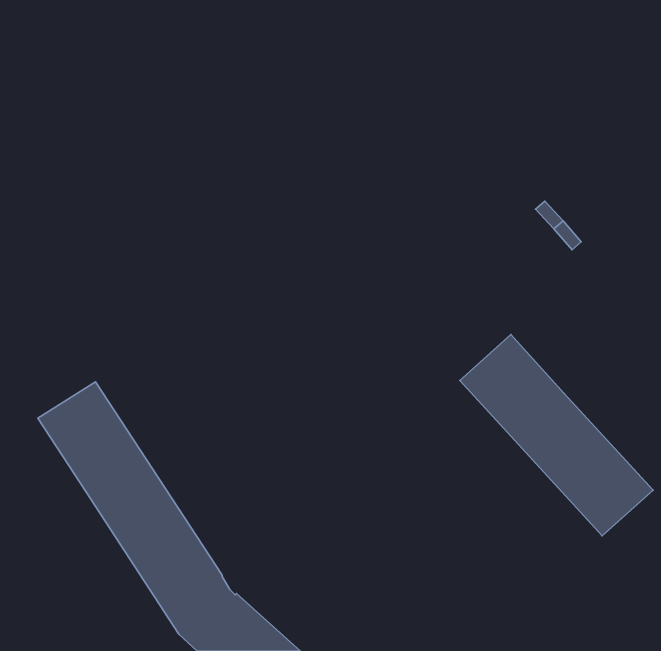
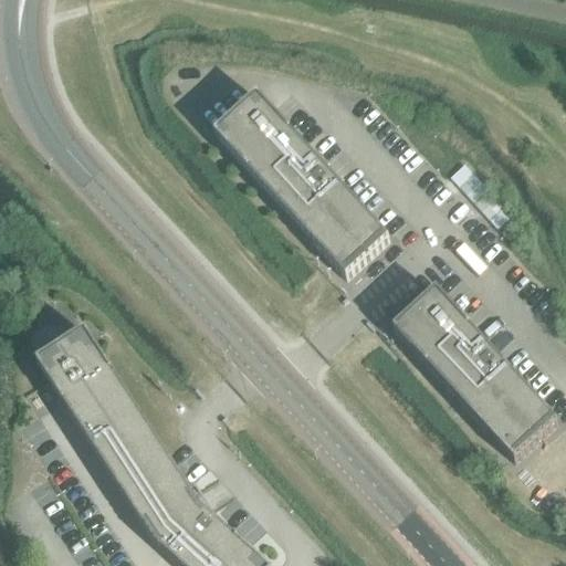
building: none -> [210,87,385,271]

